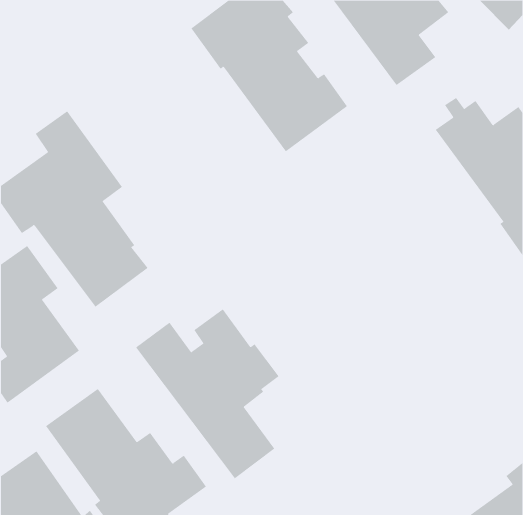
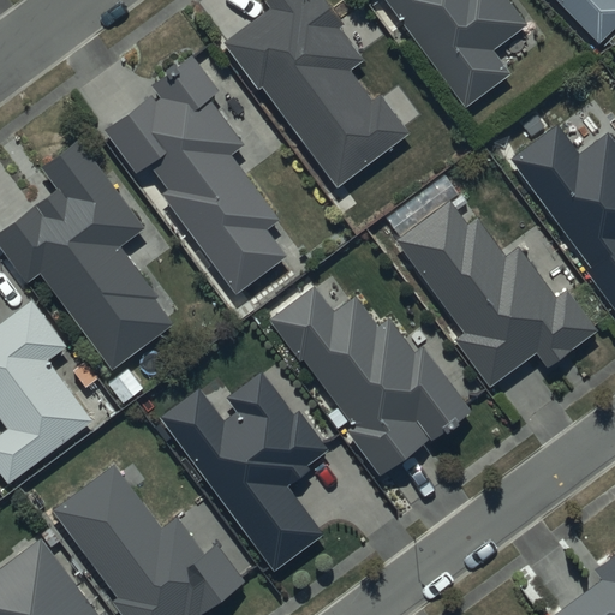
building: none -> [103,54,286,293]
building: none -> [384,179,597,387]
building: none -> [270,287,471,474]

